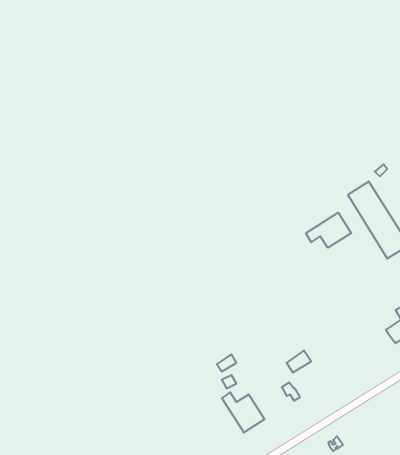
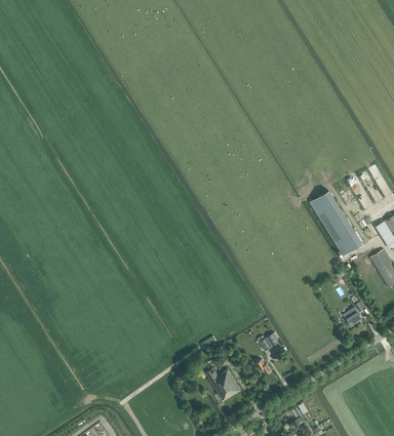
building: [306,213,351,248] -> none

